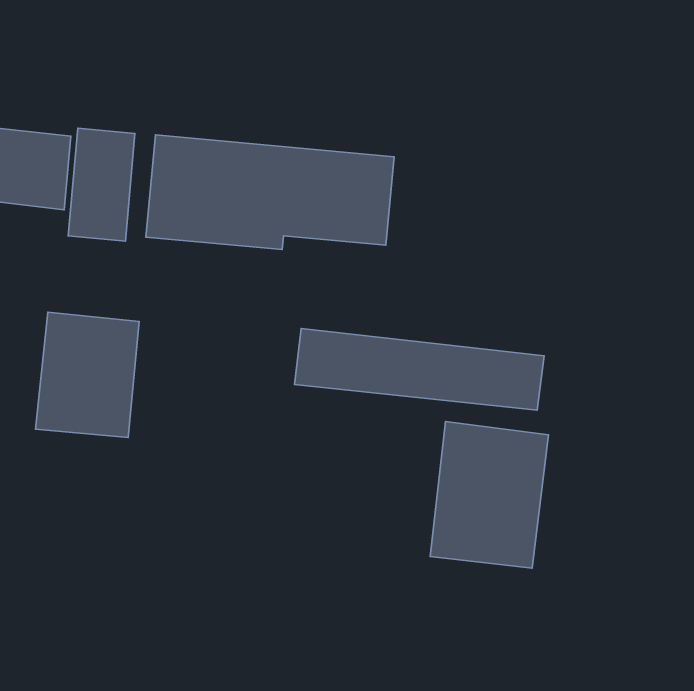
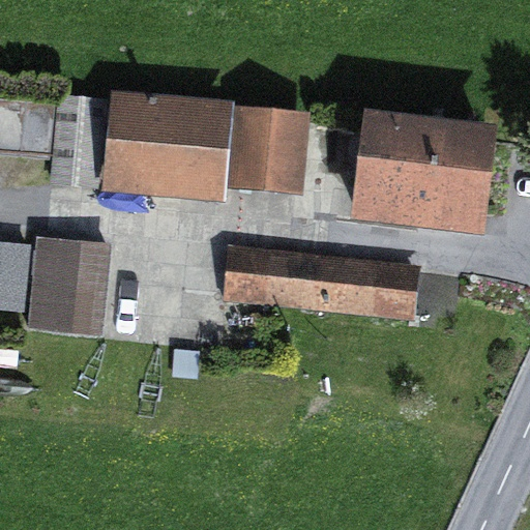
building: none -> [358,123,482,228]
building: [430,422,548,568] -> none

